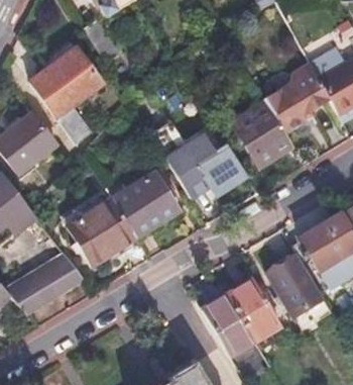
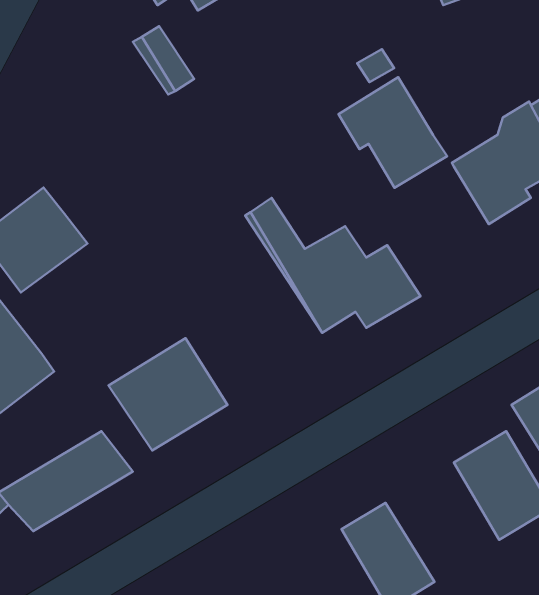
building: [29,47,102,143] -> none
building: [232,100,295,164] -> [339,77,447,188]
building: [112,173,180,237] -> none
building: [227,278,281,340] -> none

